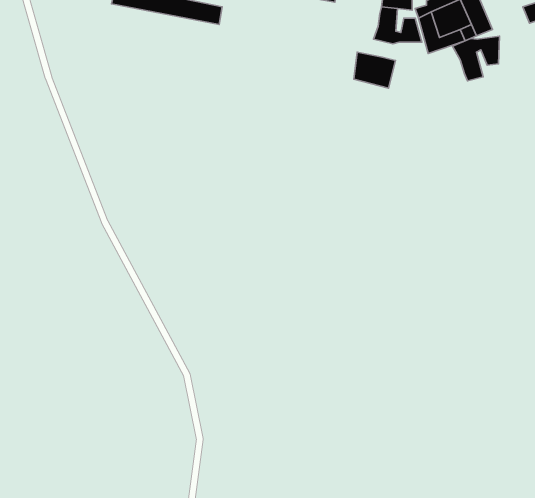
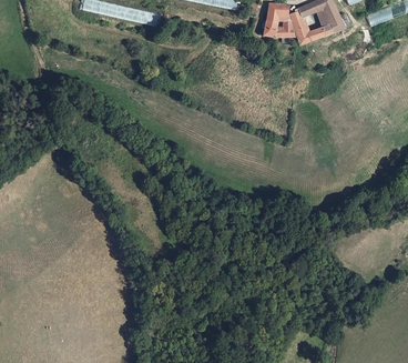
building: [452,36,499,81] -> none
building: [354,52,395,88] -> none

